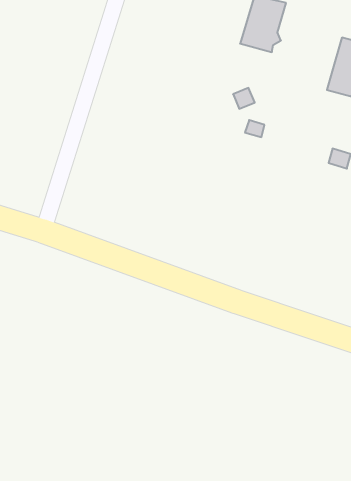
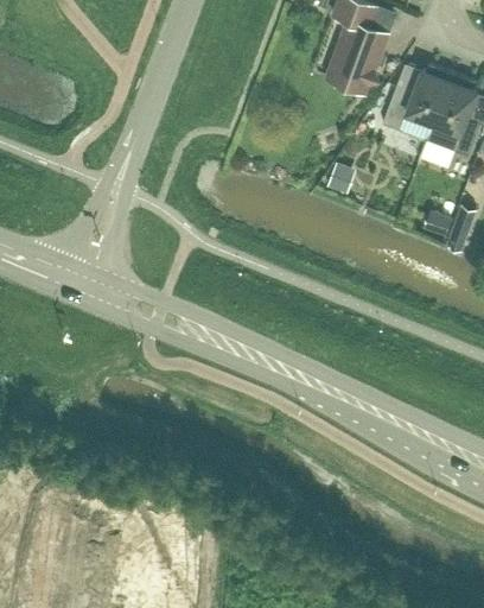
building: none -> [383,70,450,131]

